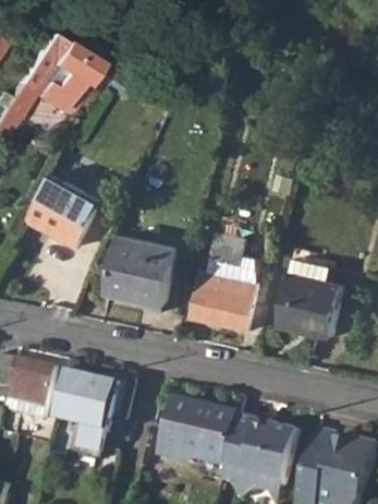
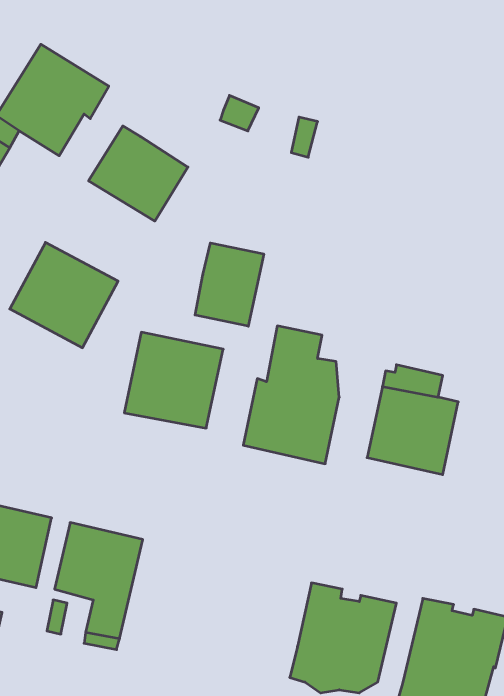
building: none -> [89,126,188,221]
building: none -> [195,243,264,326]
building: [162,398,237,464] -> none

